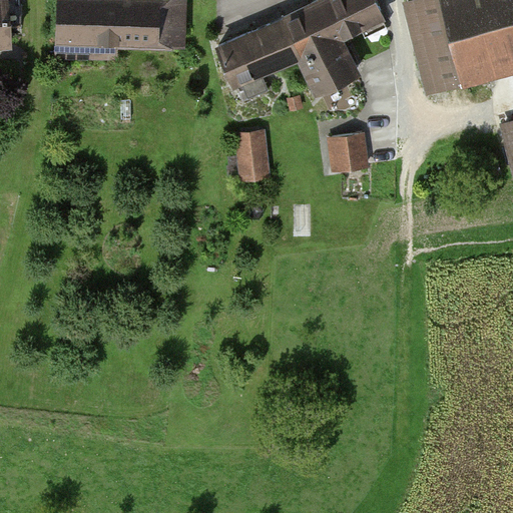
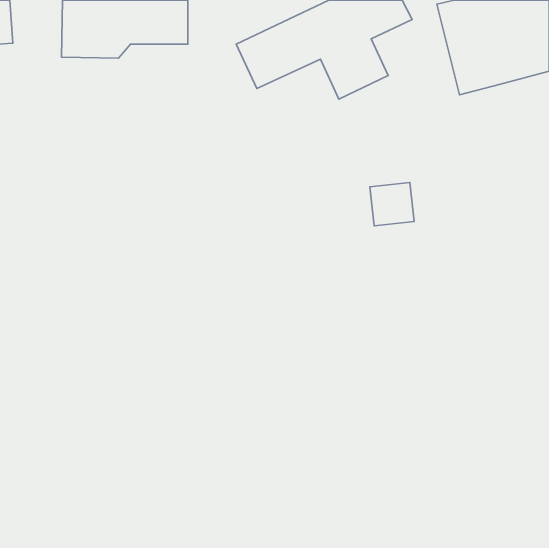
building: [238,128,269,177] -> none
building: [329,130,370,170] -> [370,183,414,226]

